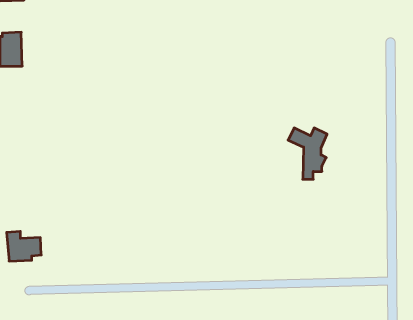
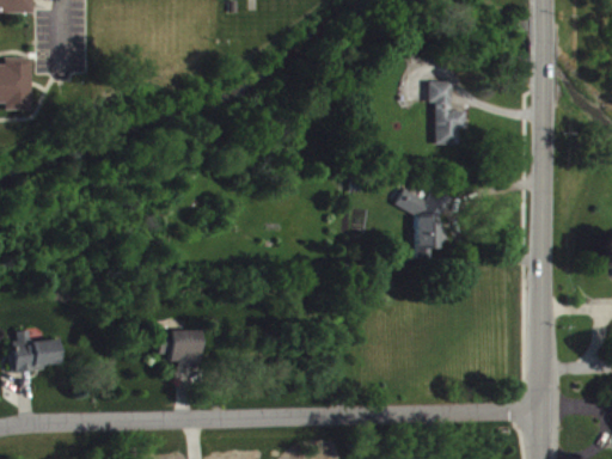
building: none -> [429,81,465,145]
building: none -> [159,330,200,366]

